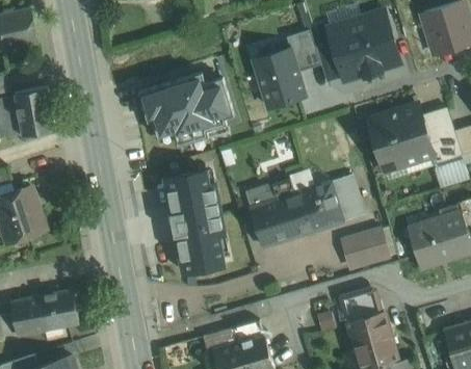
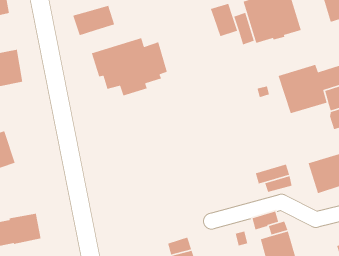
building: none -> [72,5,115,36]
building: [254,48,305,106] -> none
building: [165,170,225,272] -> none
building: [251,176,363,246] -> none

